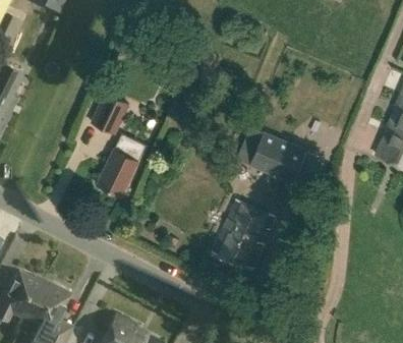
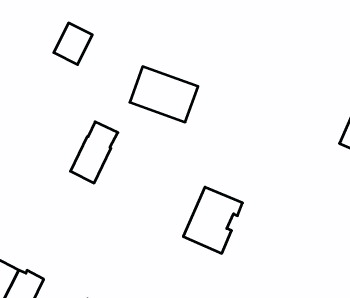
building: [90,92,129,134] -> [54,23,92,65]
building: [242,129,312,186] -> [130,67,198,122]

